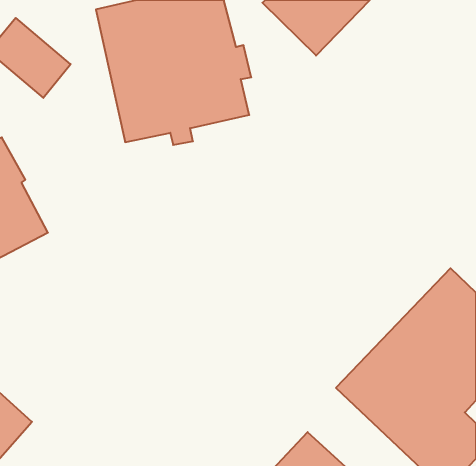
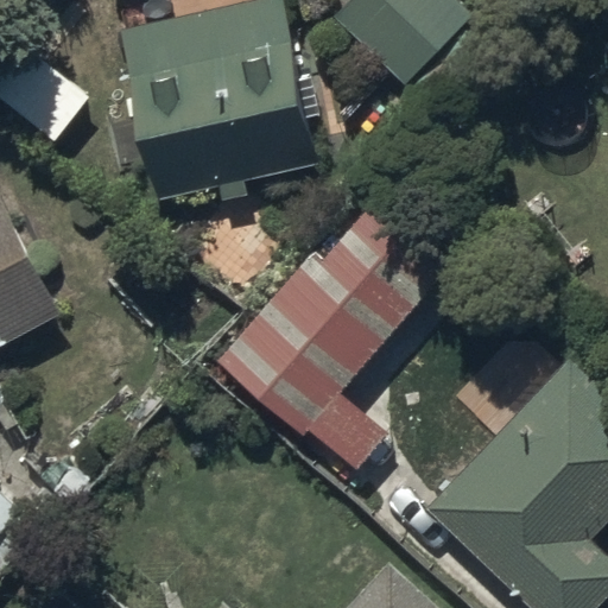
building: none -> [217,195,445,470]

